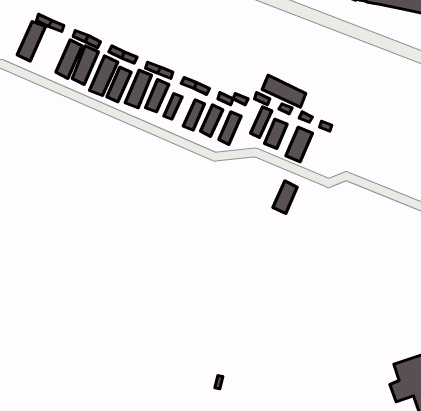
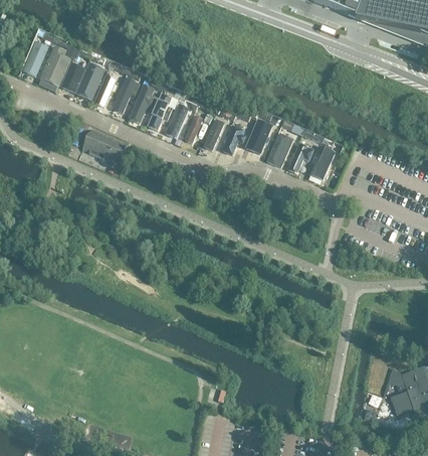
building: none -> [40,44,68,84]
building: [262,75,306,107] -> none
building: none -> [82,127,127,162]
building: [273,181,297,214] -> [310,146,335,178]

